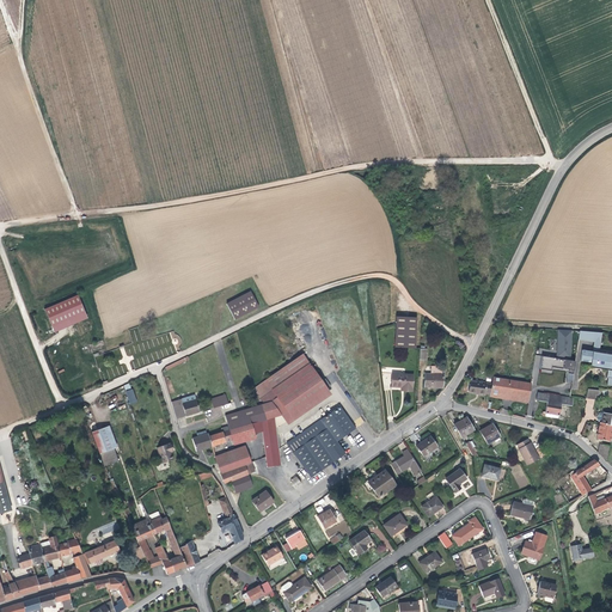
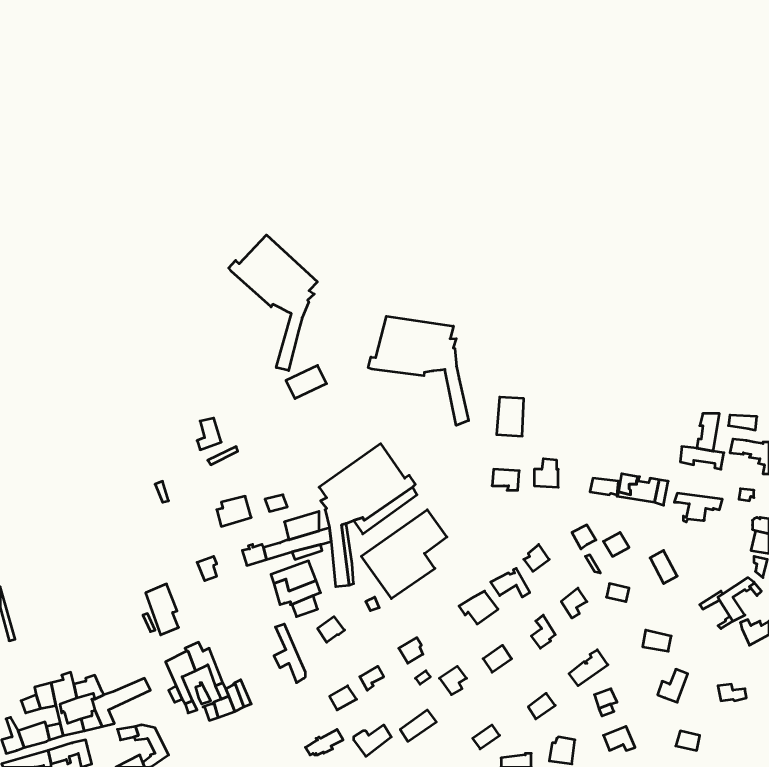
building: none -> [229,235,317,371]
building: none -> [368,316,469,425]
building: [44,294,88,331] -> none
building: [92,424,118,465] -> [146,584,179,635]

